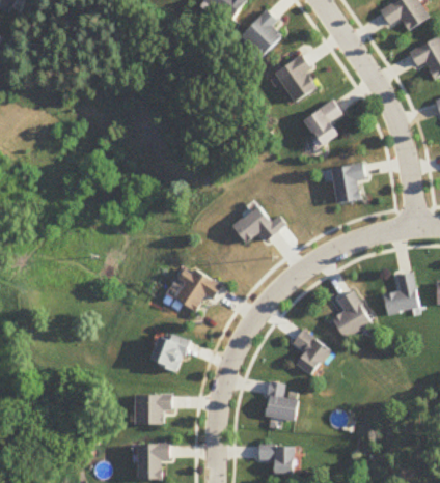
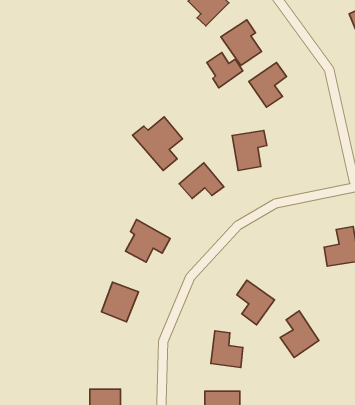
building: none -> [207,53,243,88]
building: none -> [132,117,182,171]
building: [329,164,365,205] -> [232,131,267,170]
building: [330,290,370,339] -> [280,311,319,357]
building: [135,393,171,423] -> none

